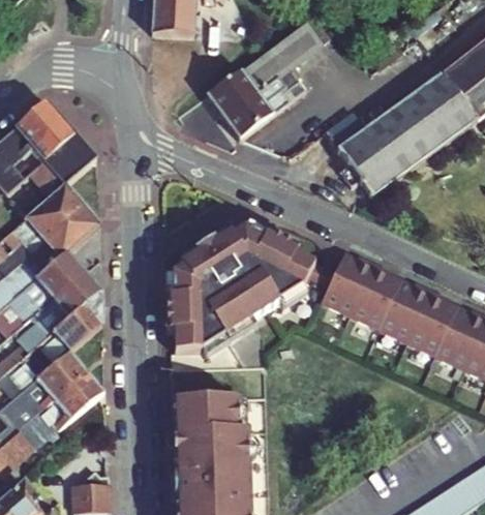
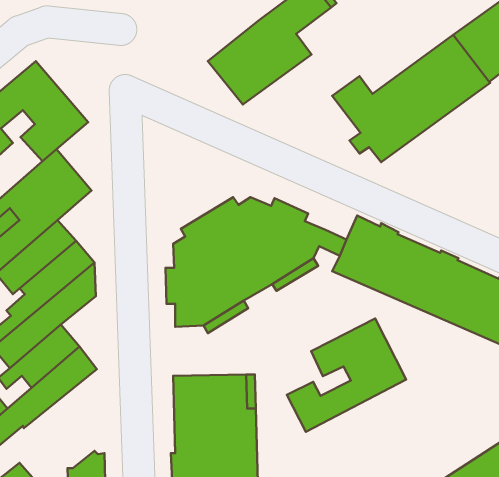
building: none -> [287,319,406,432]

